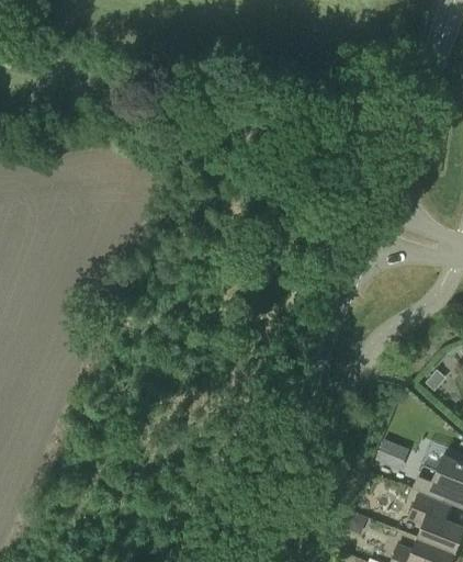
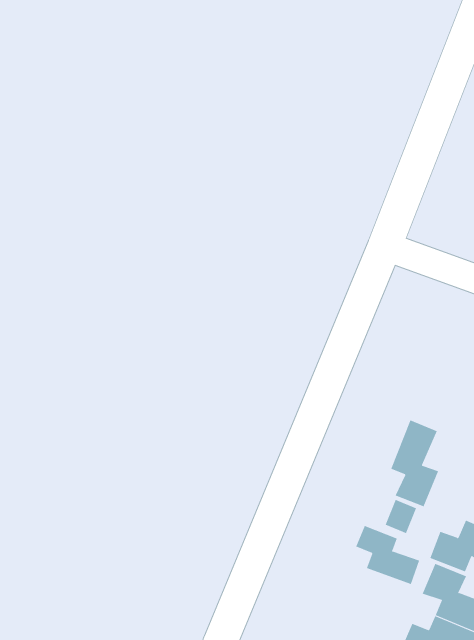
building: none -> [390,419,439,507]
building: none -> [356,525,420,585]

